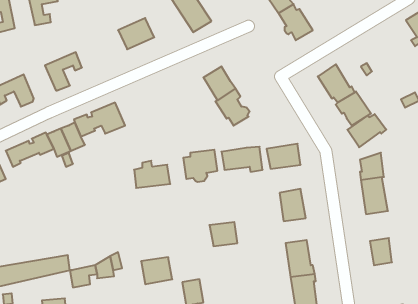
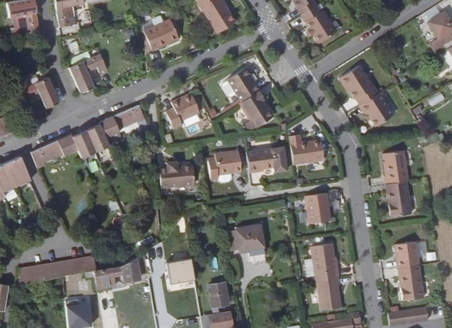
building: none -> [167,94,200,130]
building: [347,114,386,147] -> none
building: none -> [398,263,421,299]

